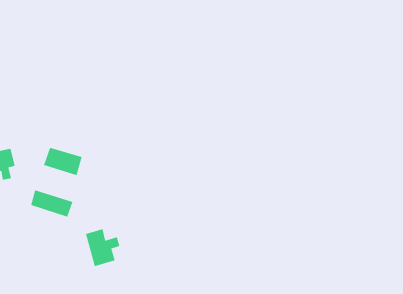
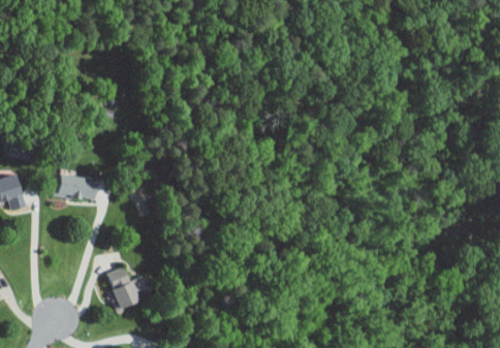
building: [31,190,73,218] -> none

